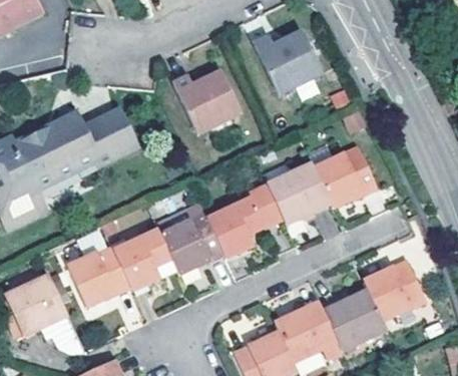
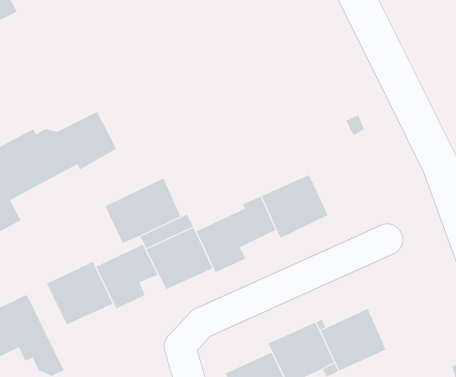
building: [254,29,320,90] -> none
building: [172,67,239,127] -> none
building: [315,148,377,208] -> none
building: none -> [105,177,181,244]
building: [363,261,425,319] -> none

